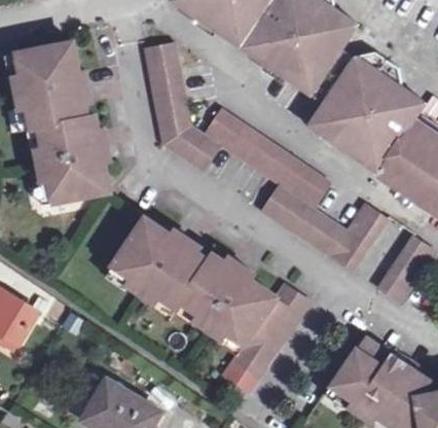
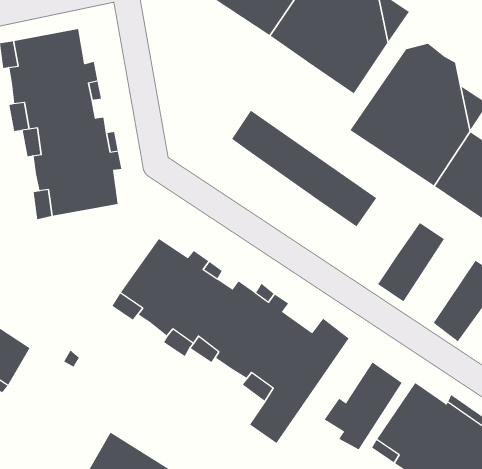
building: [148,41,220,168] -> none
building: [263,185,346,256] -> none
building: none -> [324,362,403,450]

